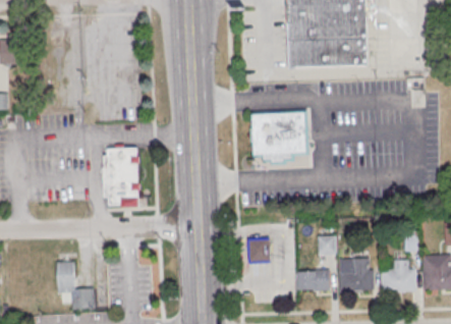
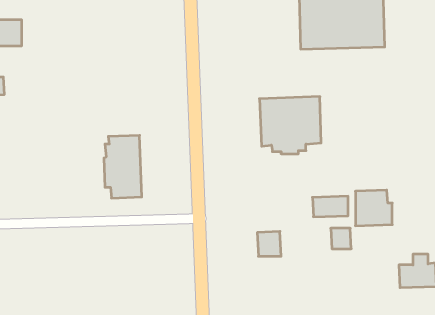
building: [339,258,374,291] -> [355,190,392,226]
building: [57,261,94,310] -> none
building: [296,270,330,289] -> [312,196,348,217]

